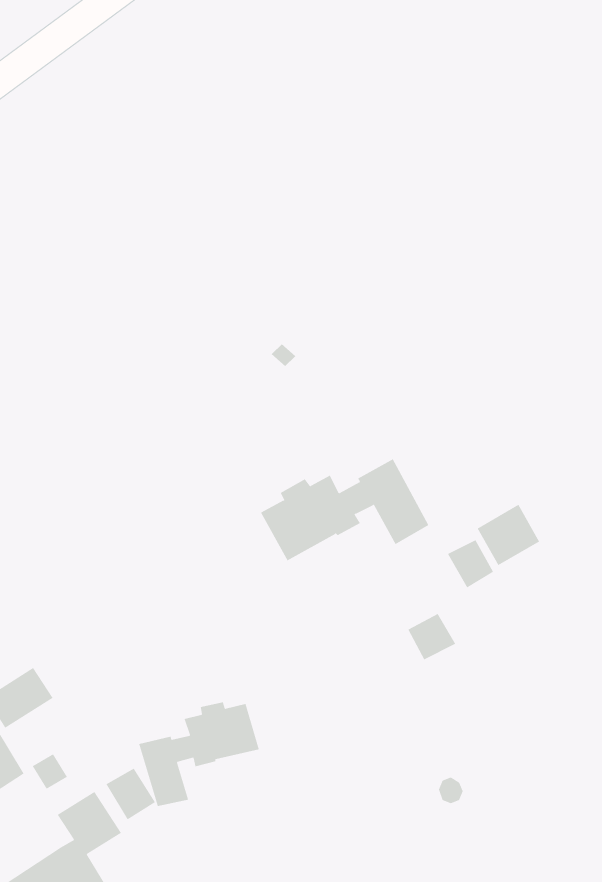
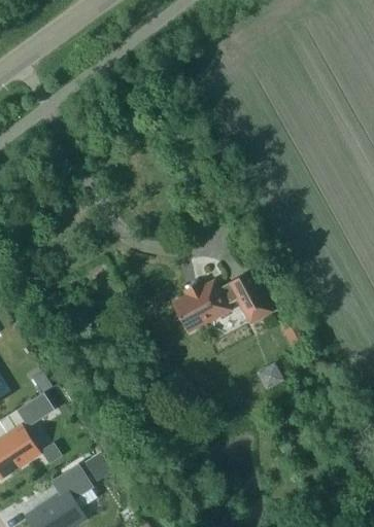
building: [477,504,540,566] -> none
building: [139,702,259,807] -> none

